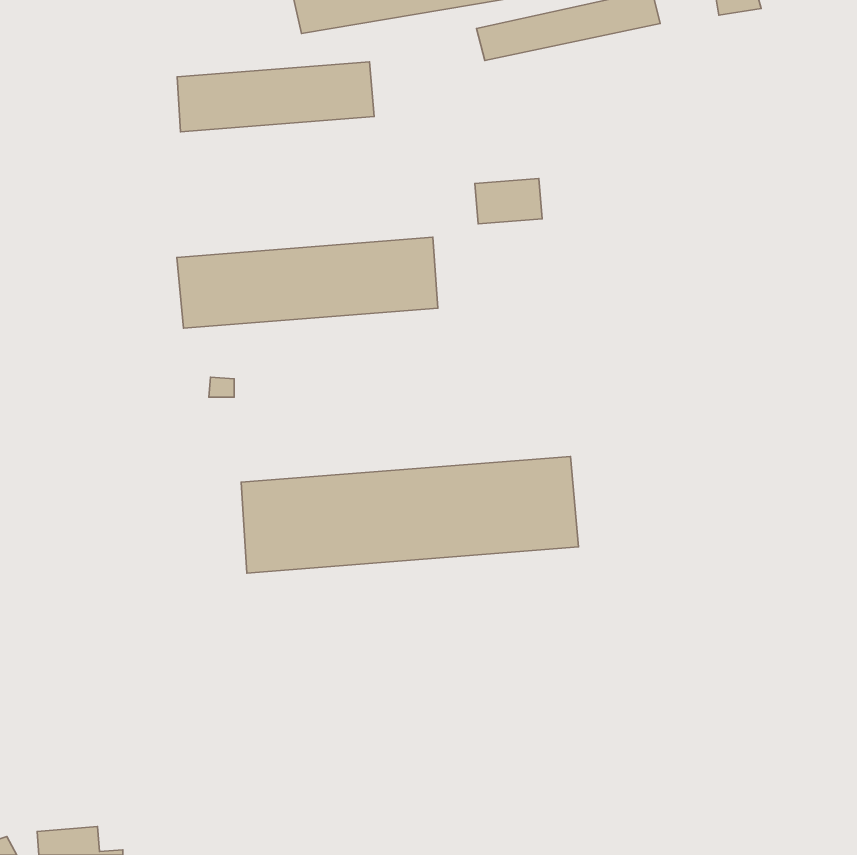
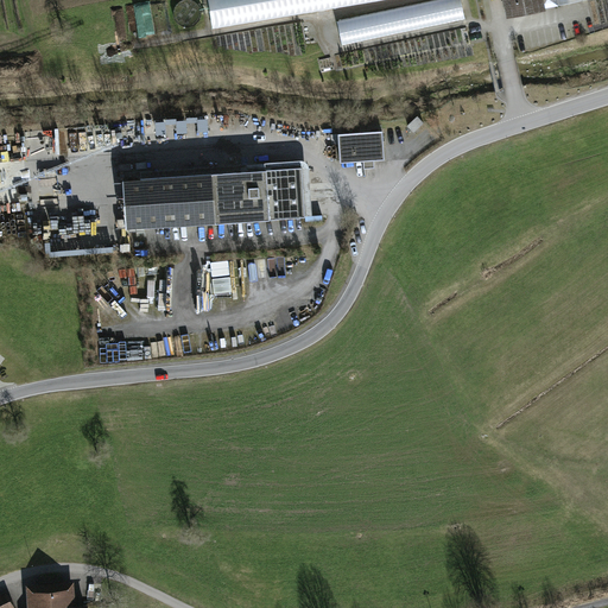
building: [177,62,374,132] -> none
building: [241,456,578,573] -> none

